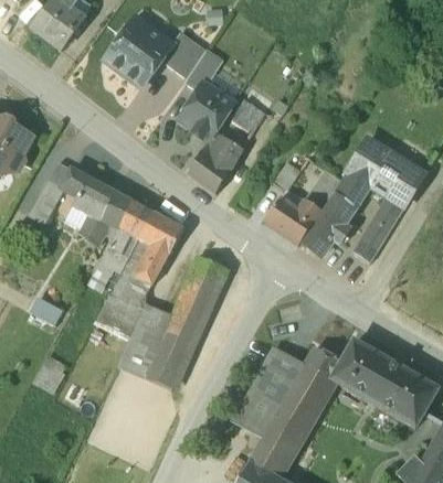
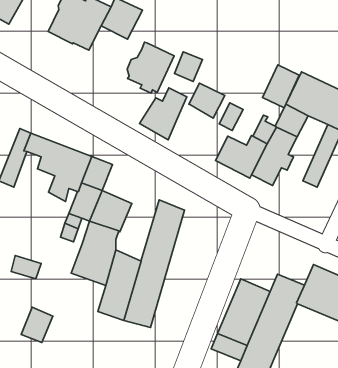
building: [186,50,224,92] -> none
building: none -> [263,65,299,108]
building: none -> [189,83,225,118]
building: [140,210,186,254] -> none

